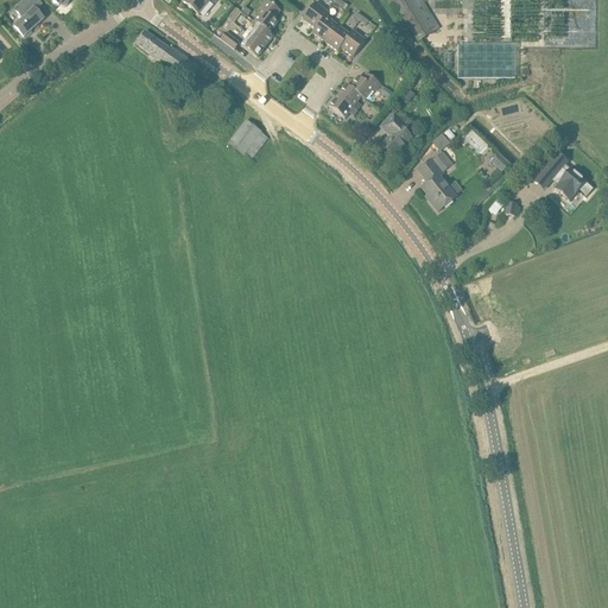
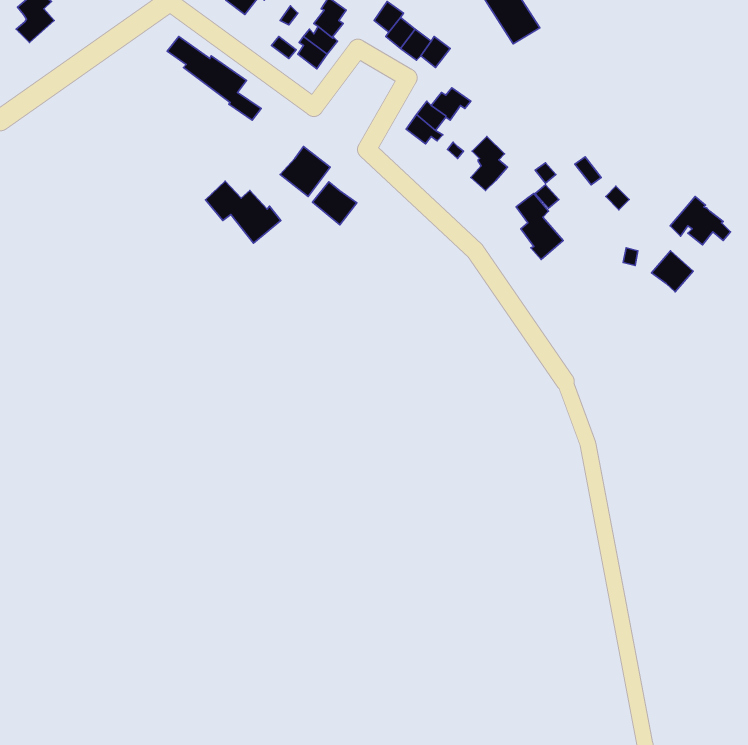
building: none -> [206,181,281,243]
building: none -> [312,182,357,225]
building: none -> [652,251,693,292]

